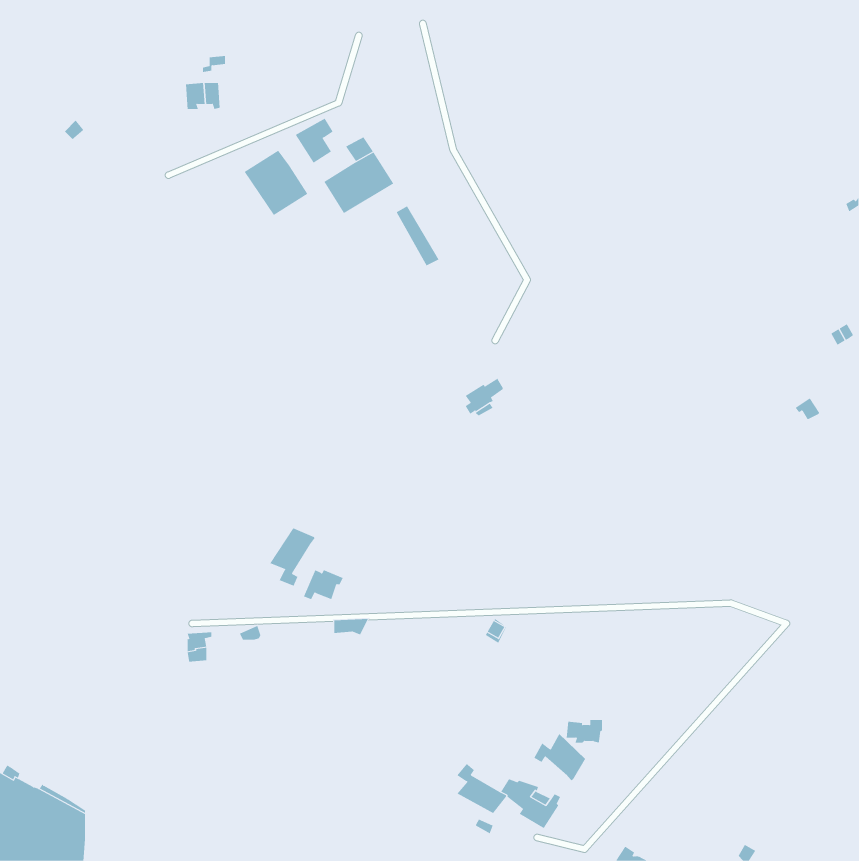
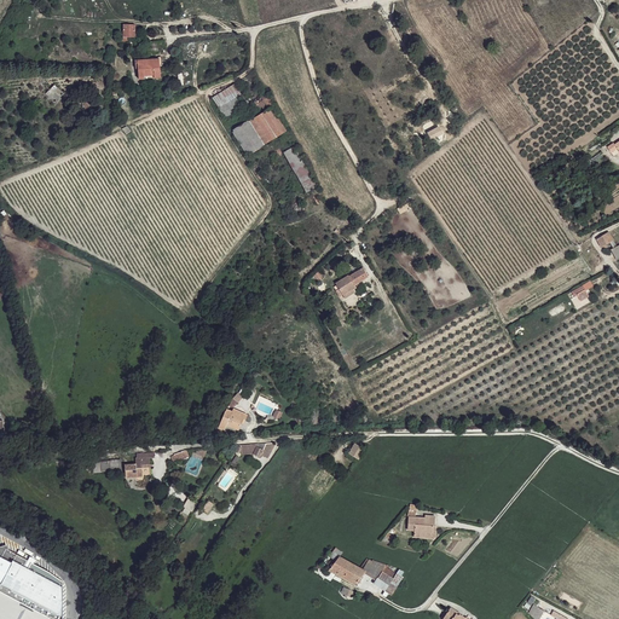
building: [244,150,308,216] -> none
building: [269,528,315,587] -> none
building: [533,733,586,781] -> none

